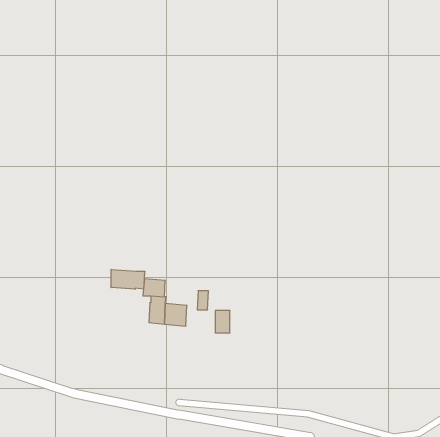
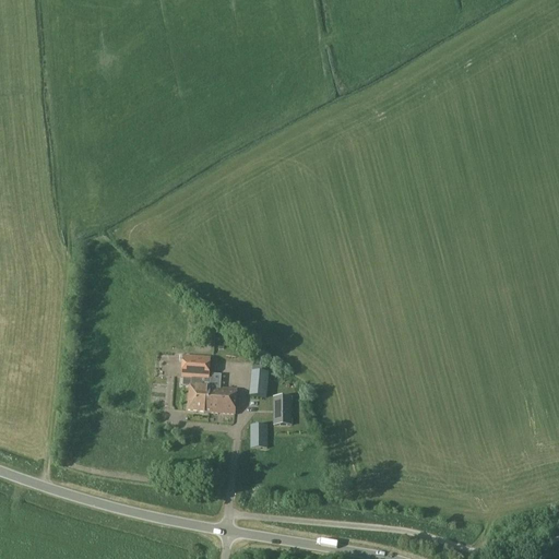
building: [111,269,145,289] -> none
building: none -> [250,423,267,447]

